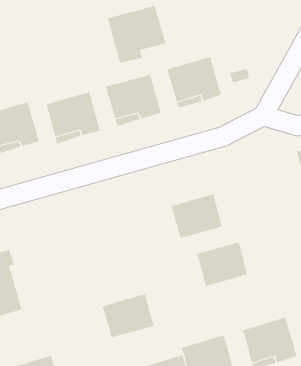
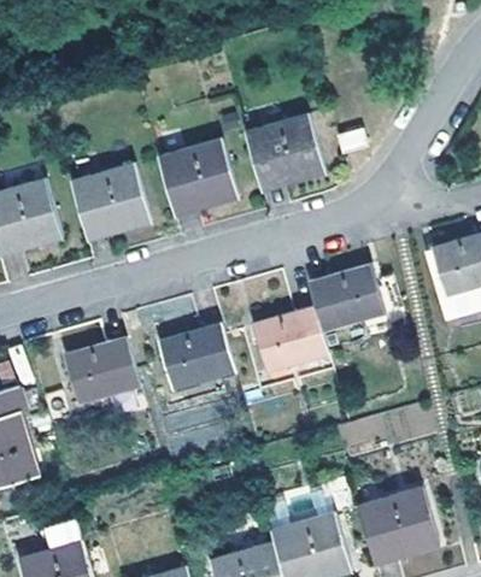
building: [107,5,166,64] -> none
building: none -> [65,338,140,404]
building: [196,242,248,287] -> [309,267,383,332]
building: [102,294,155,338] -> [159,325,235,389]

